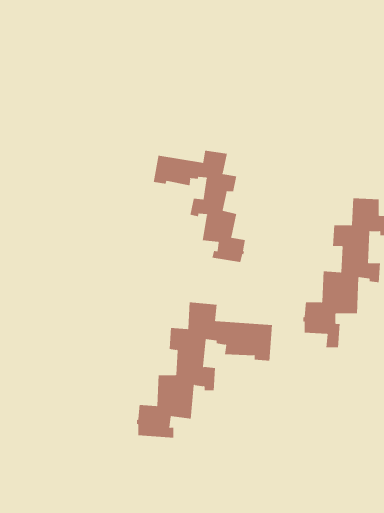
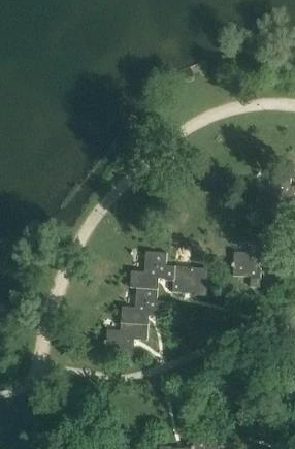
building: [153,150,246,263] -> none

